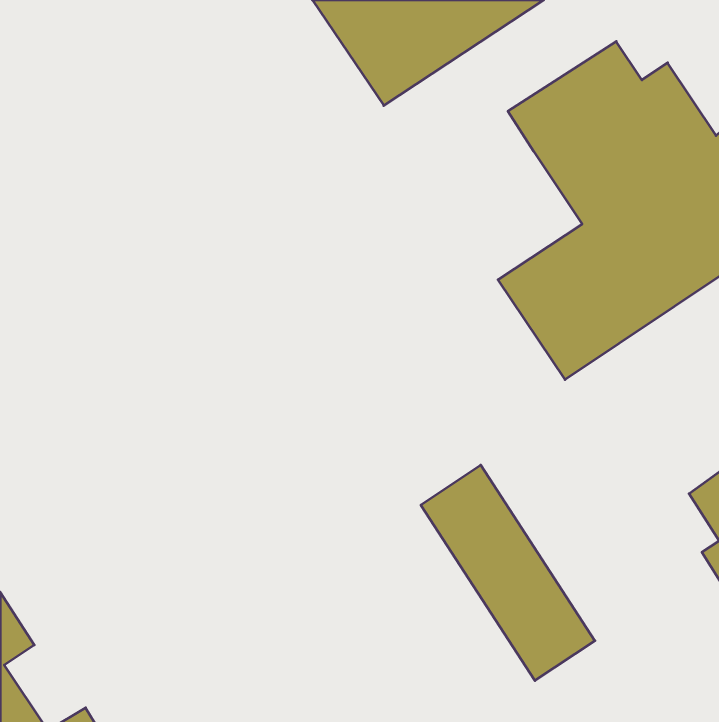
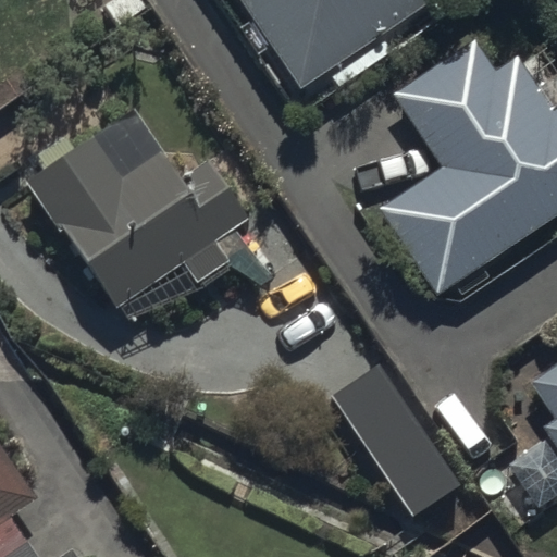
building: none -> [29,132,250,307]

